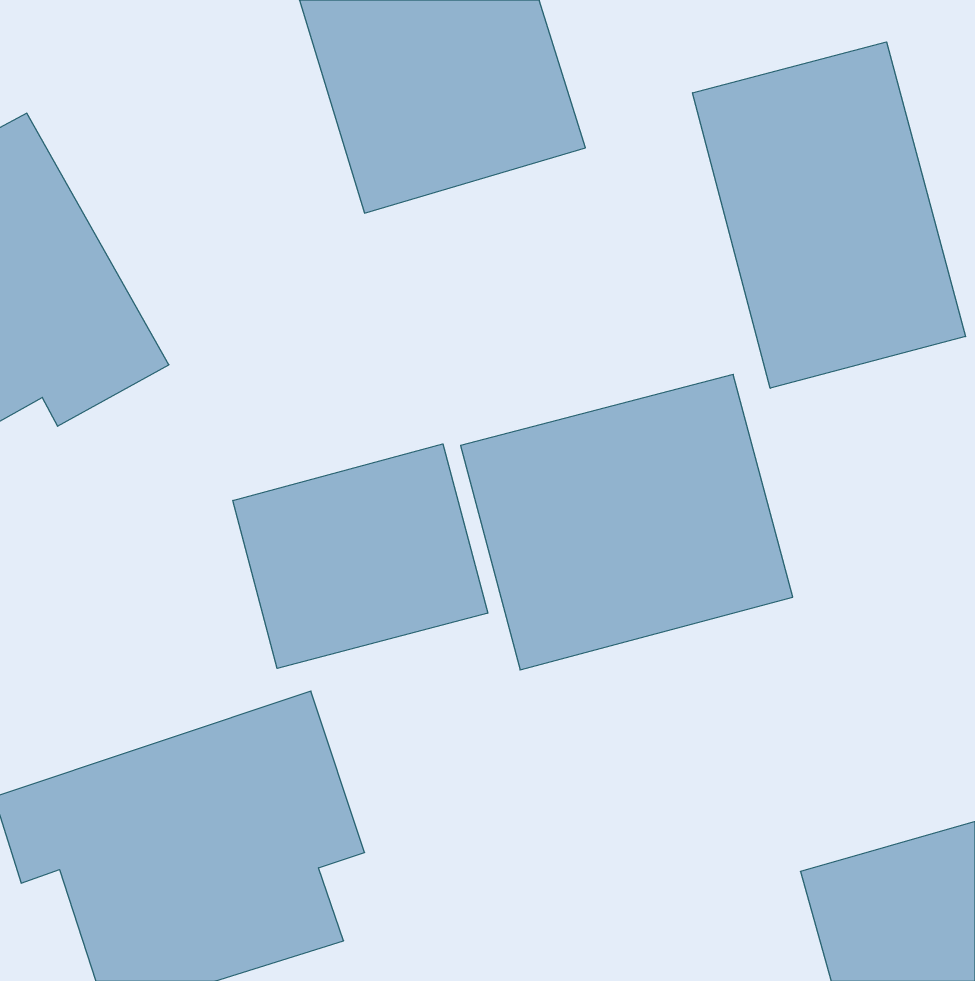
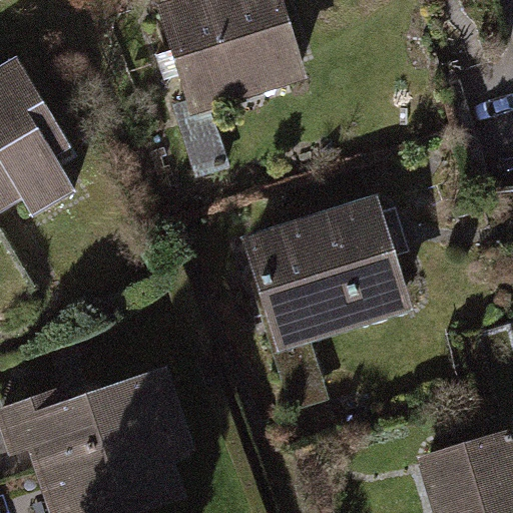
building: [693,42,966,388] -> none
building: [233,444,488,668] -> none

